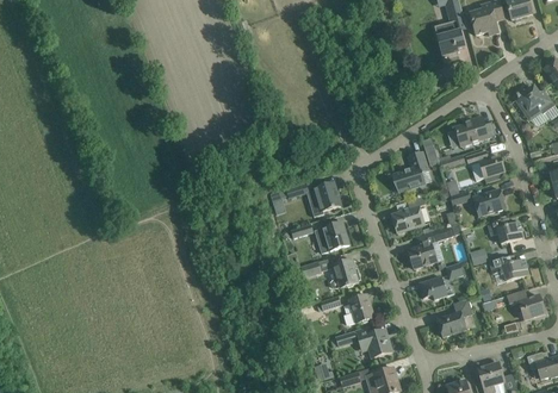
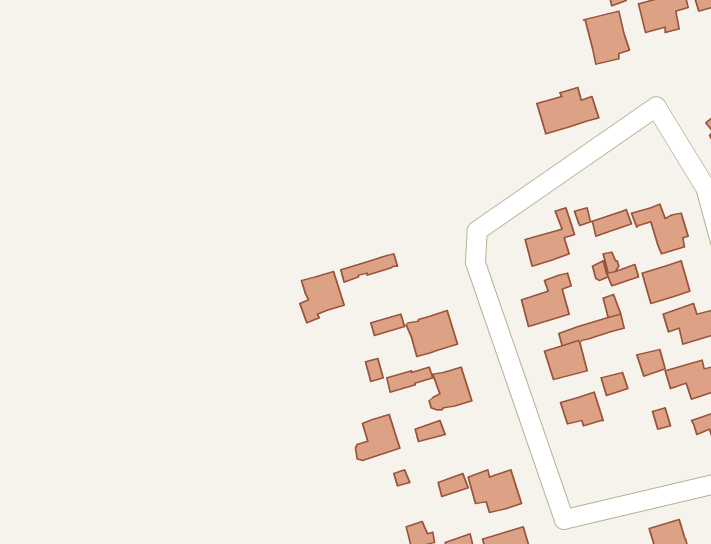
building: [453,116,495,146] -> [537,88,599,134]
building: [310,182,340,217] -> [300,272,344,323]
building: [343,294,373,325] -> [356,414,400,461]
building: [436,299,472,337] -> none

